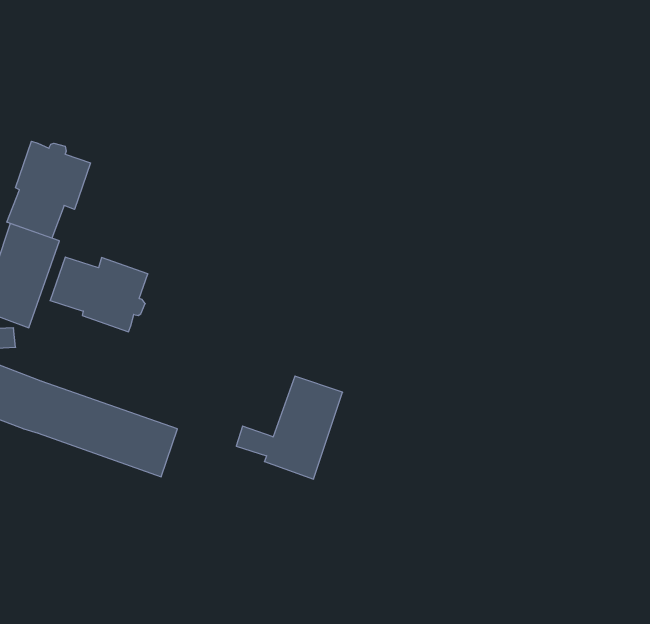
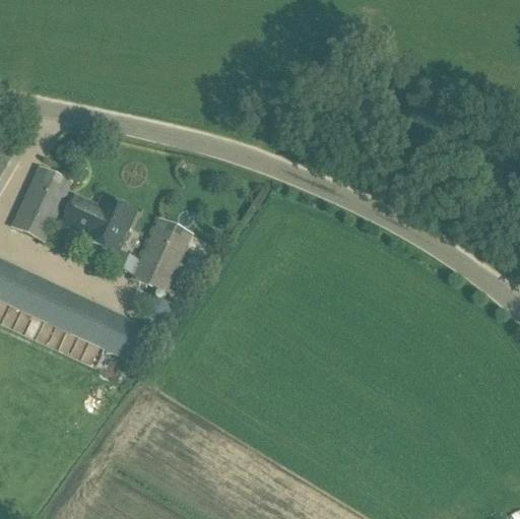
building: [7,141,91,238] -> none
building: [236,376,343,479] -> [110,217,191,294]

